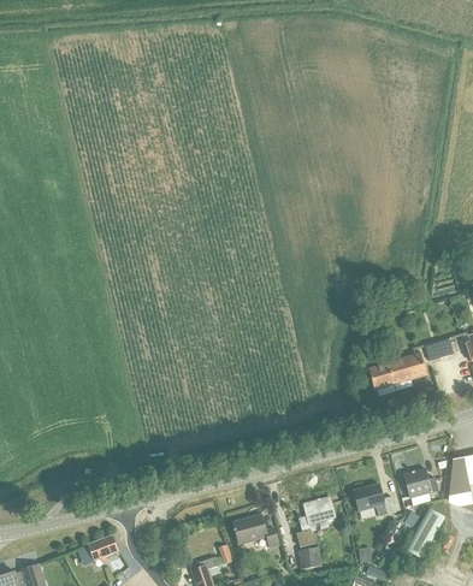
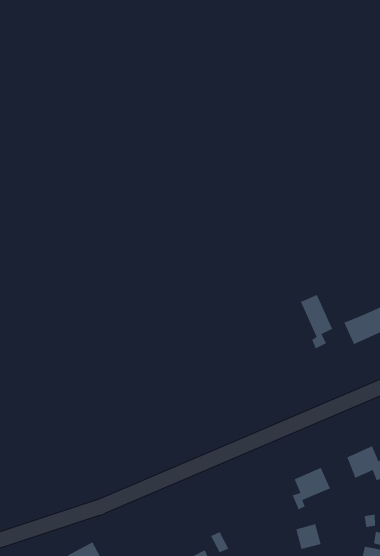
building: none -> [300,294,333,349]
building: [232,515,278,547] -> none

